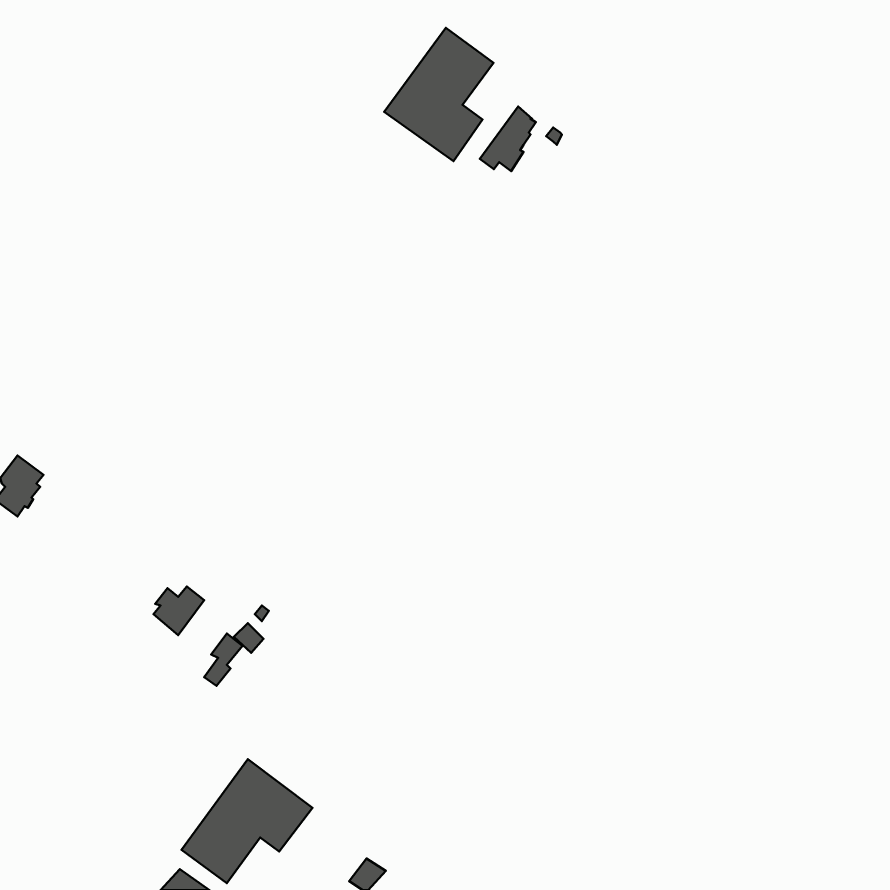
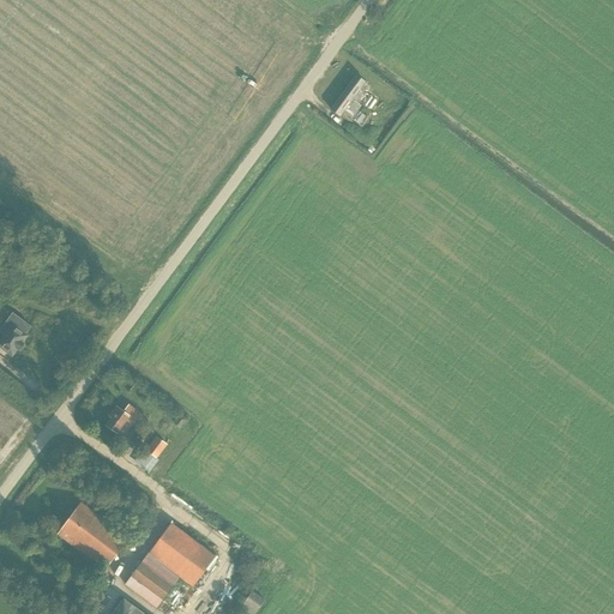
building: [384,28,493,161] -> none
building: none -> [58,501,128,570]

